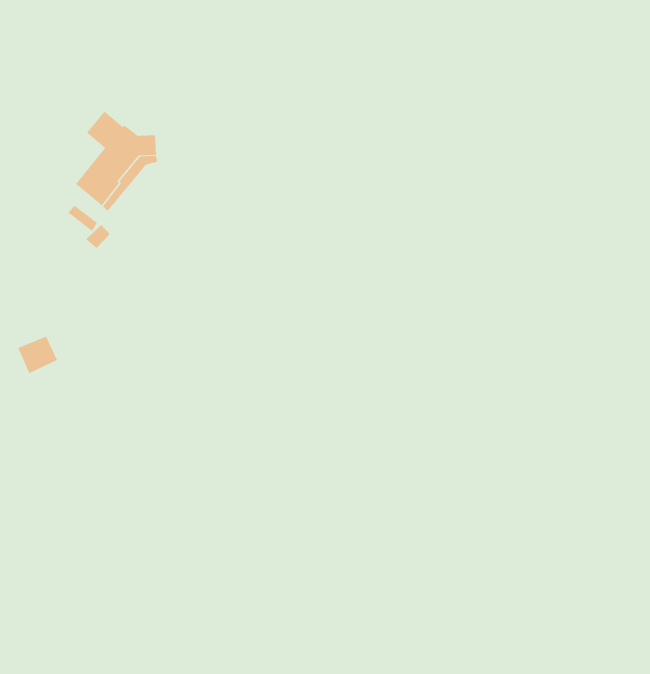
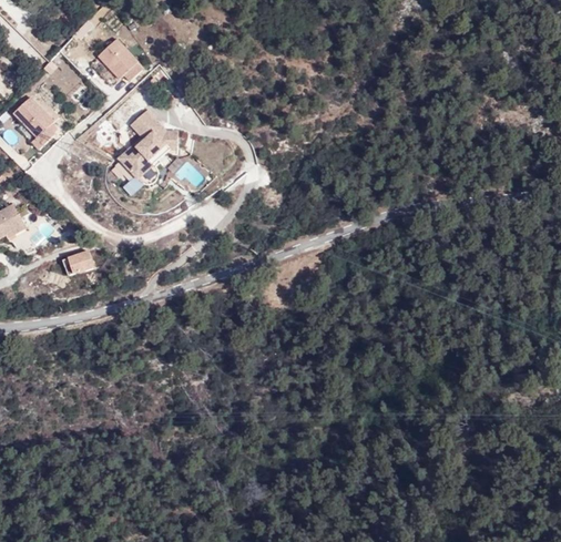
building: none -> [94,39,144,85]

